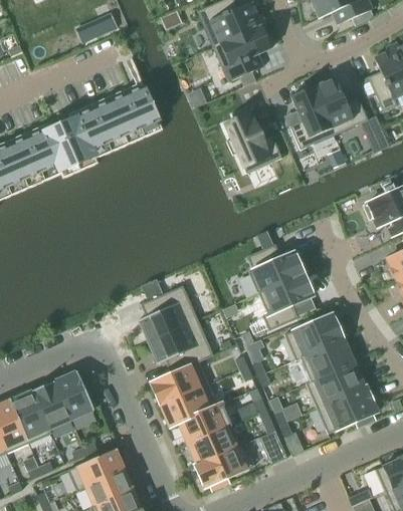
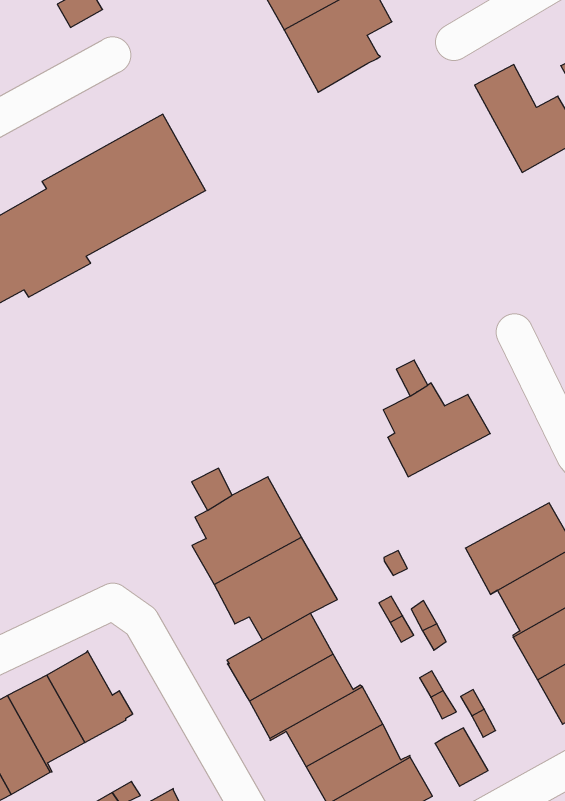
building: [289,85,334,149] -> none
building: [224,108,281,173] -> none
building: [257,273,313,329] -> none

